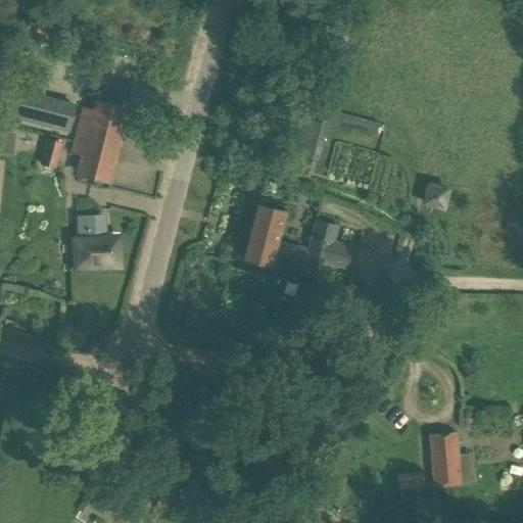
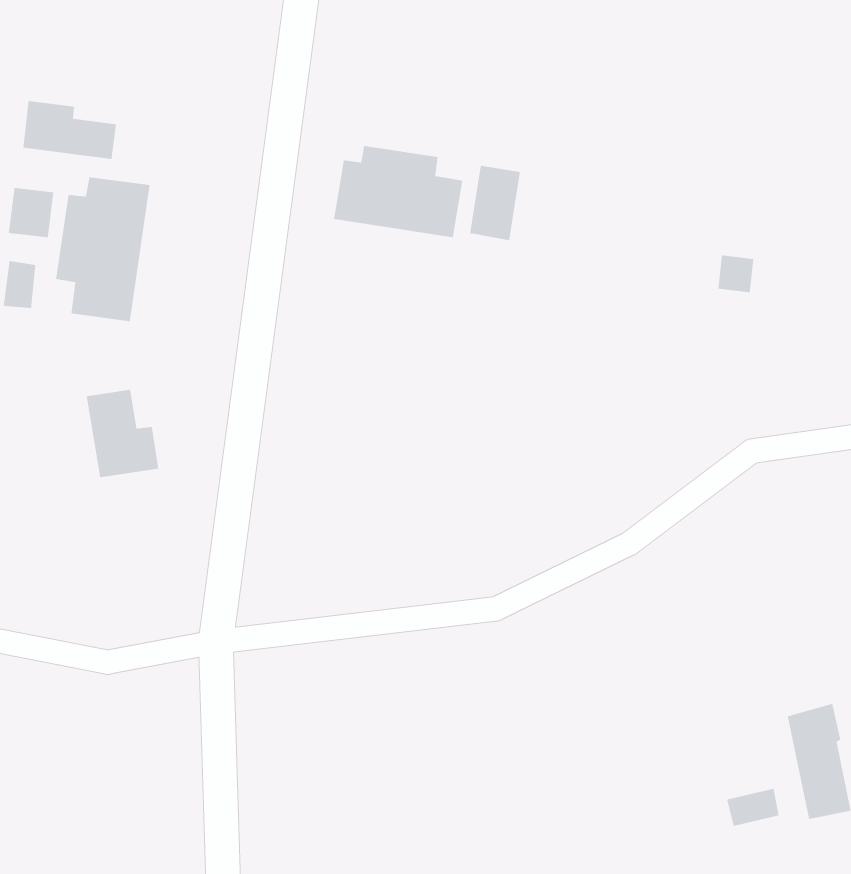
building: none -> [22,100,117,160]
building: none -> [333,145,463,238]
building: [244,205,350,280] -> none

